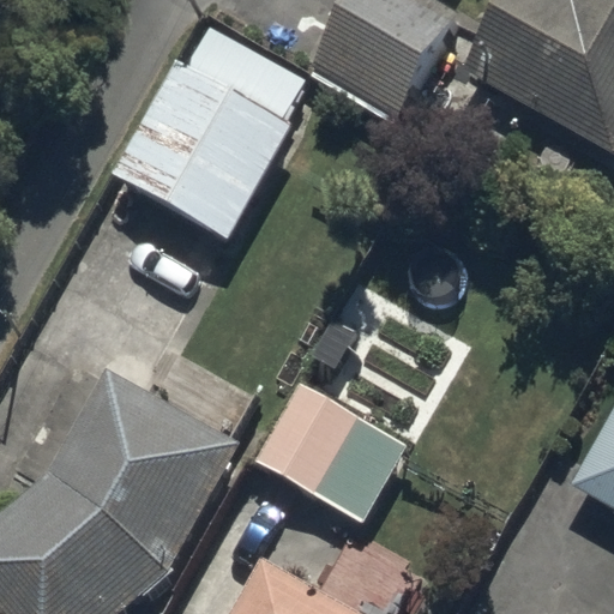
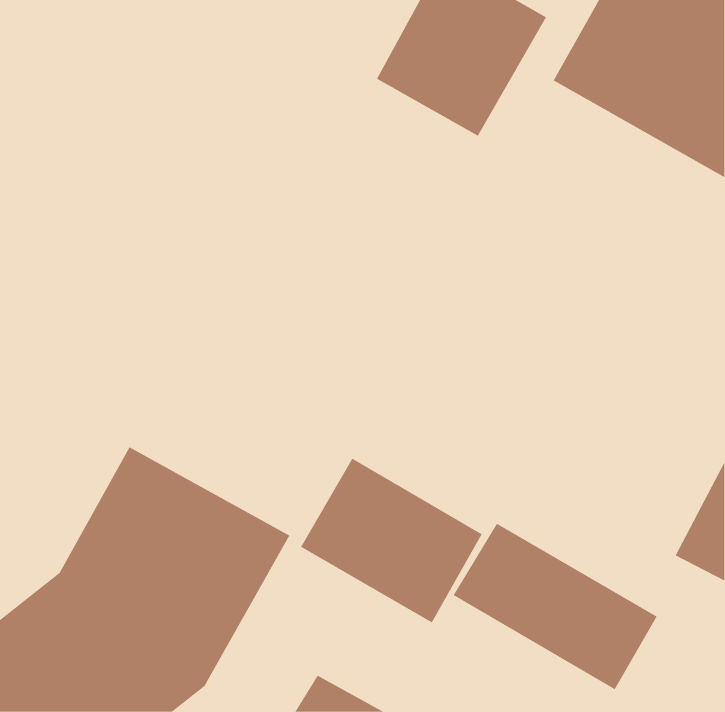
building: [109,22,303,245] -> none
building: none -> [453,523,658,690]

